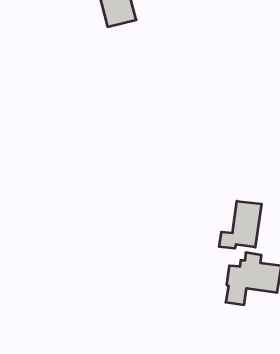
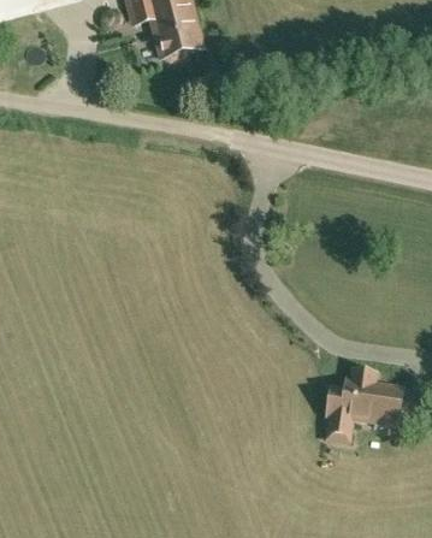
building: [219,201,261,248] -> none

